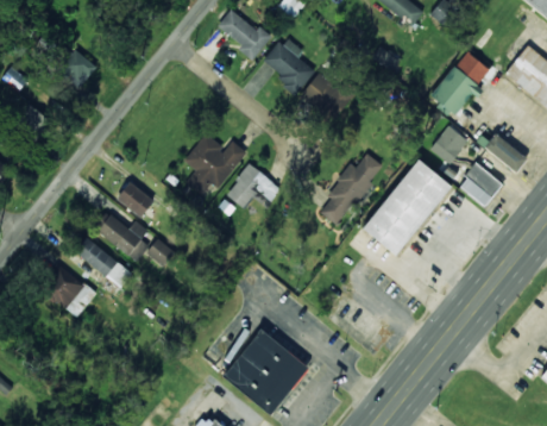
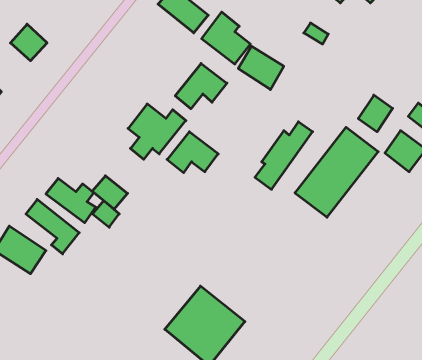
building: [430,51,490,115] -> none
building: none -> [175,63,227,109]
building: [117,182,155,218] -> [92,176,128,209]

